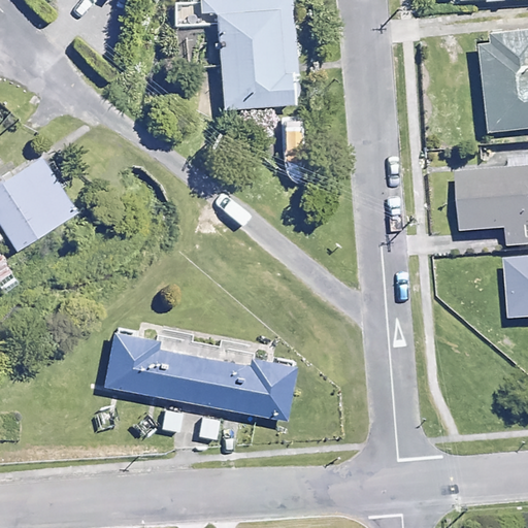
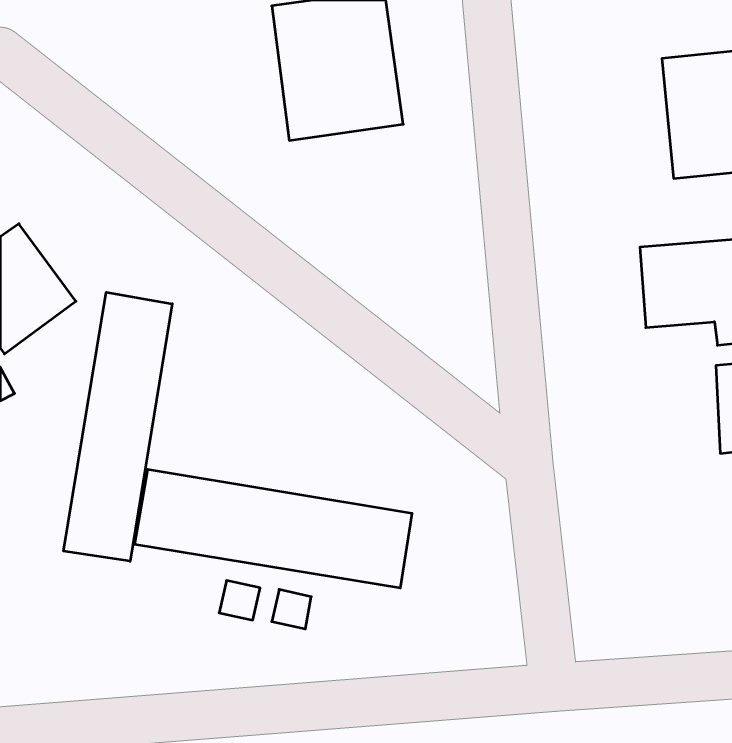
building: none -> [64,292,172,561]

